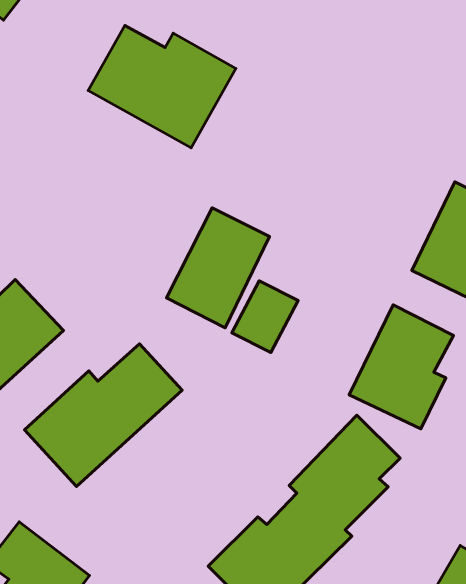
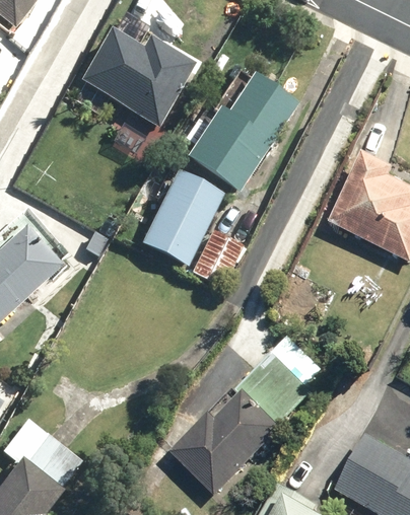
building: none -> [182,76,296,194]
building: [349,305,453,429] -> none
building: [25,344,182,487] -> none

